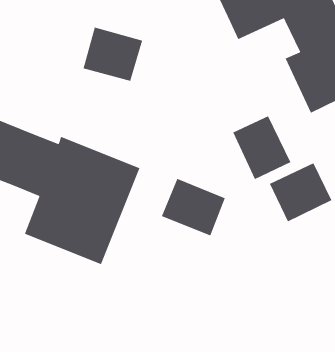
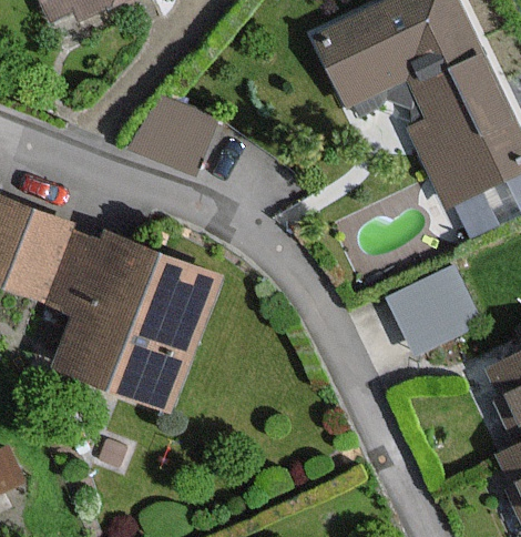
building: [232,115,291,180] -> none
building: [161,178,226,236] -> none

